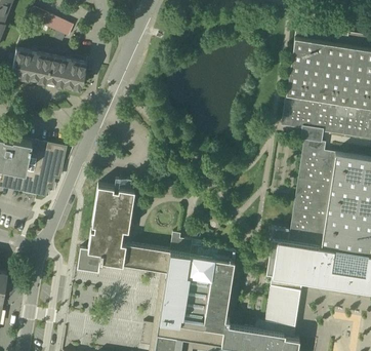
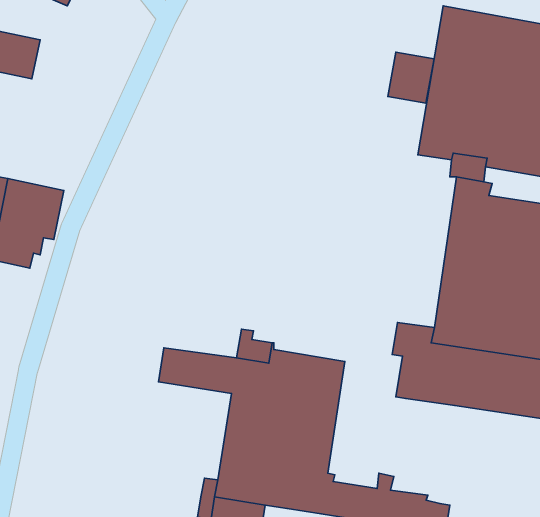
building: [46,57,87,89] -> none
building: none -> [388,52,434,103]
building: [77,185,134,274] -> none
building: [263,275,302,339] -> none

